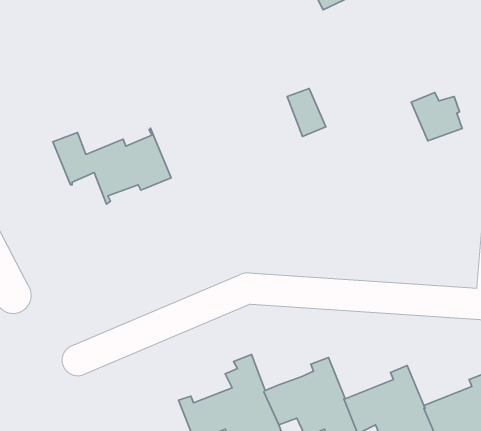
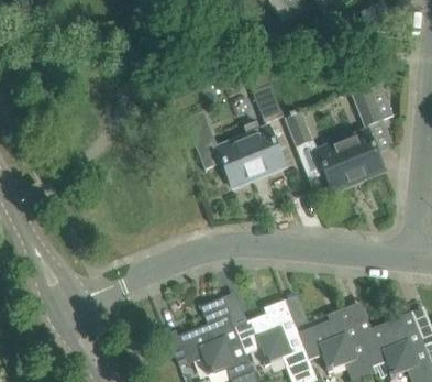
building: none -> [285,110,385,189]
building: [53,128,171,204] -> [190,125,285,186]

